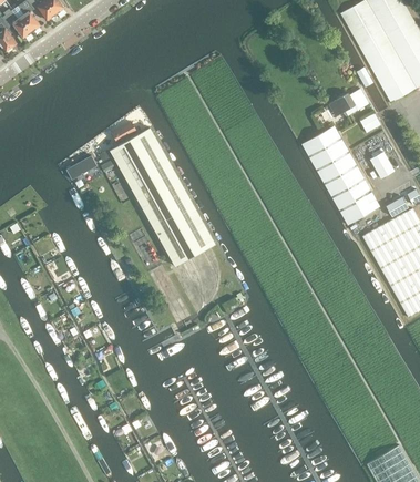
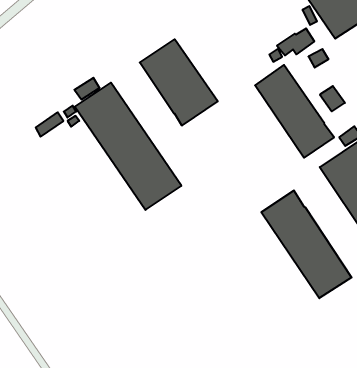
building: none -> [140,39,218,126]
building: none -> [261,190,352,298]

